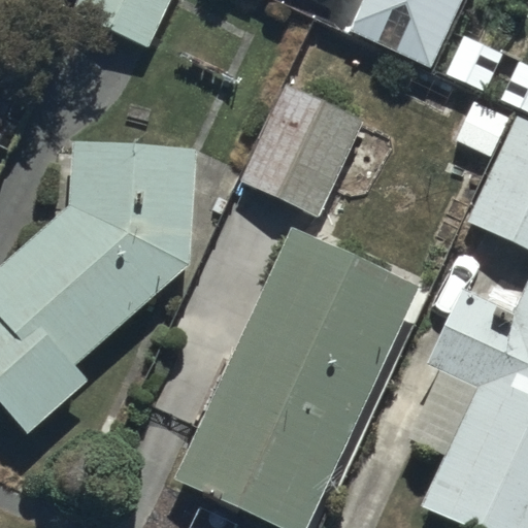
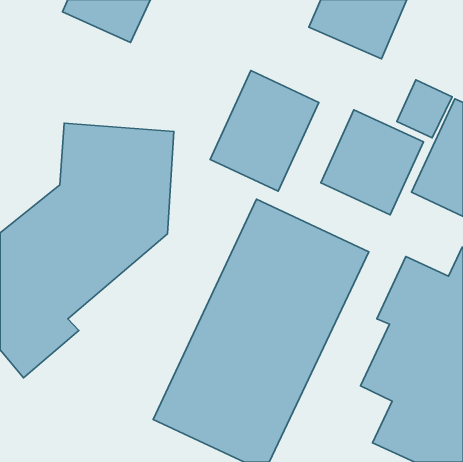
building: none -> [321,110,423,215]

